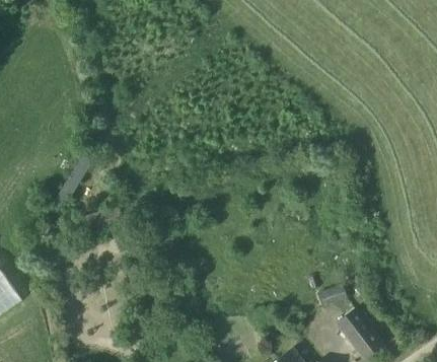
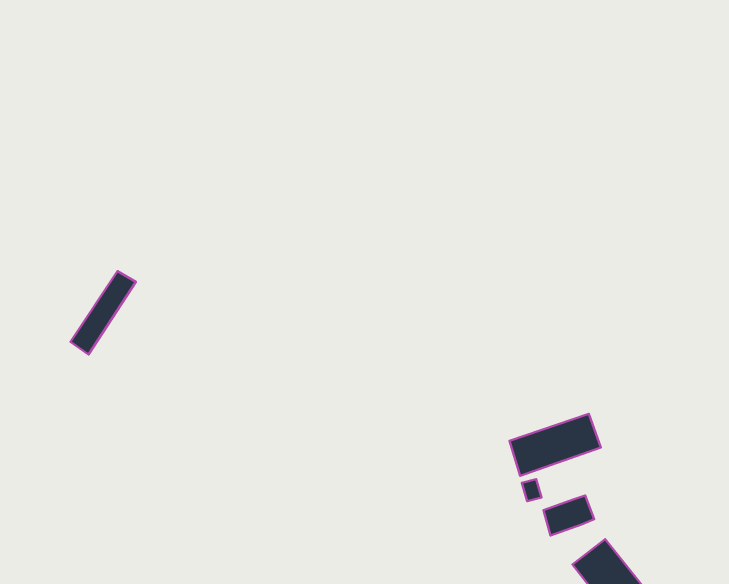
building: none -> [510,414,601,476]

